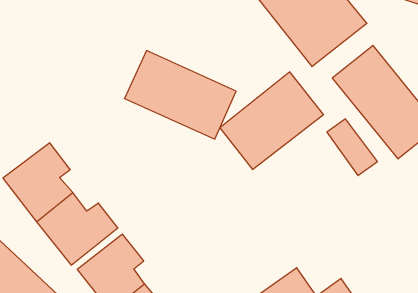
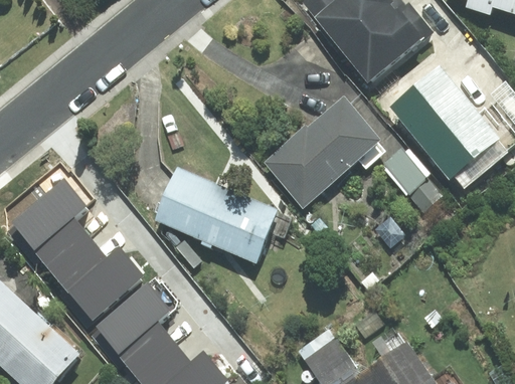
building: [124,51,236,139] -> [152,167,279,267]

